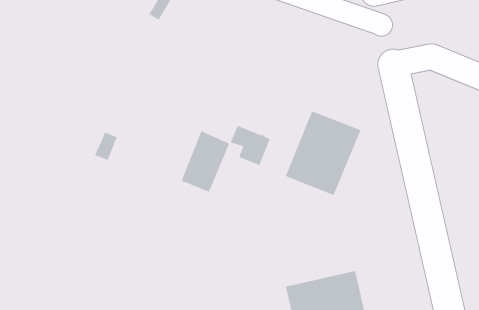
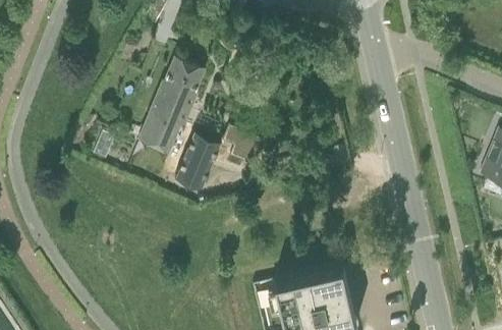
building: none -> [138,57,205,154]
building: [285,110,361,196] -> none

